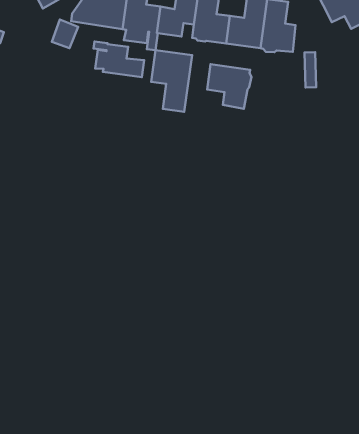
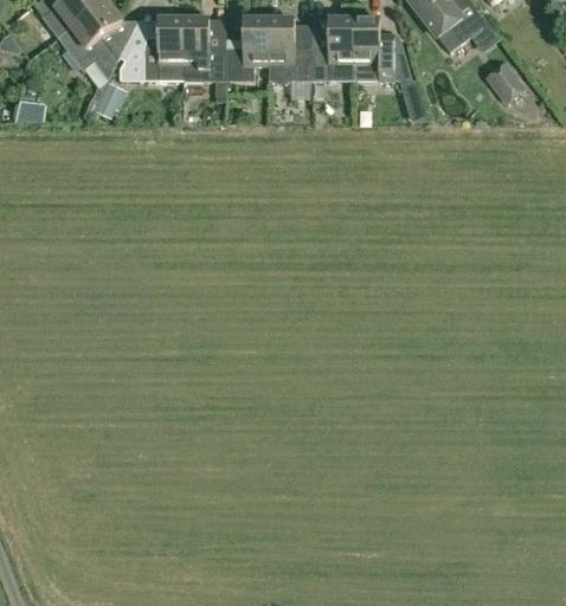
building: [93,41,144,77] -> none
building: [151,50,192,112] -> none
building: [207,64,251,109] -> none

